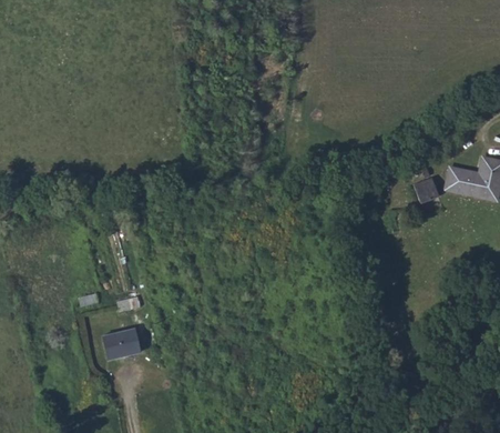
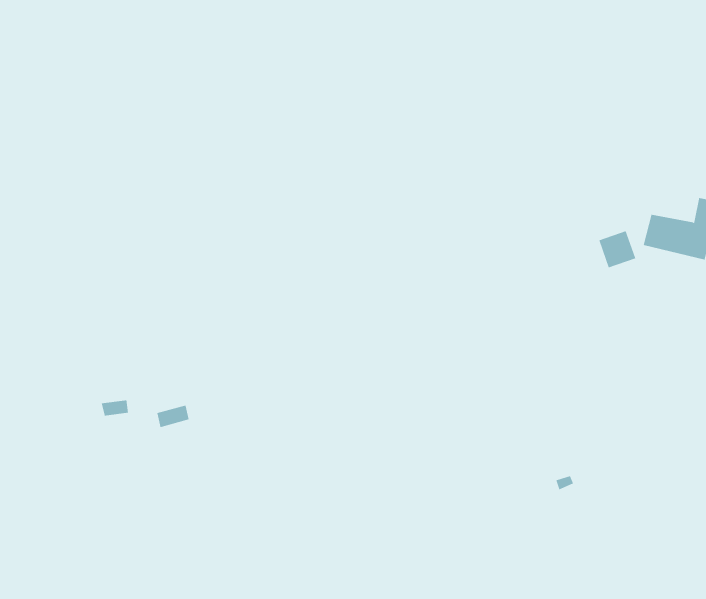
building: [102,329,140,360] -> none

